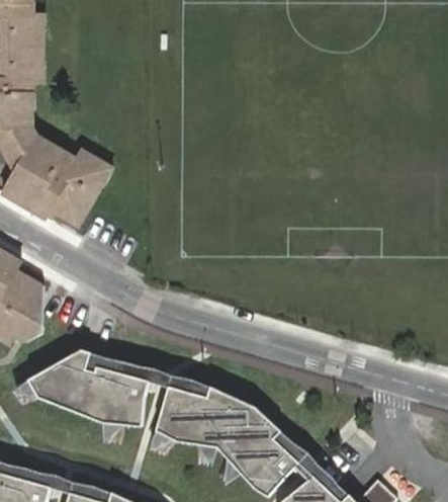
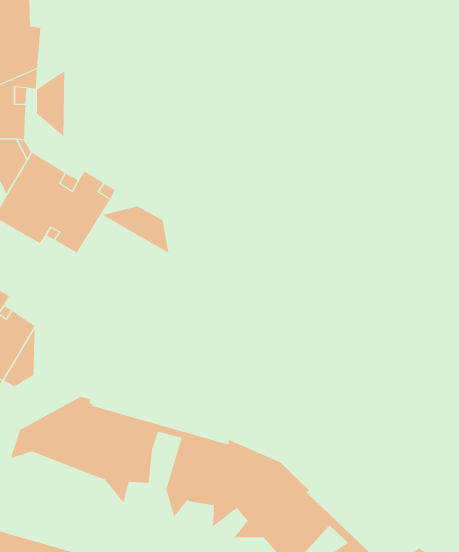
building: none -> [37,70,65,138]
building: none -> [101,205,169,254]

